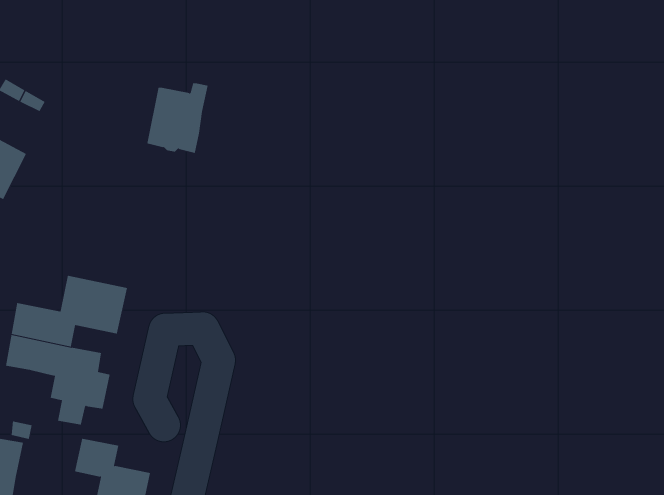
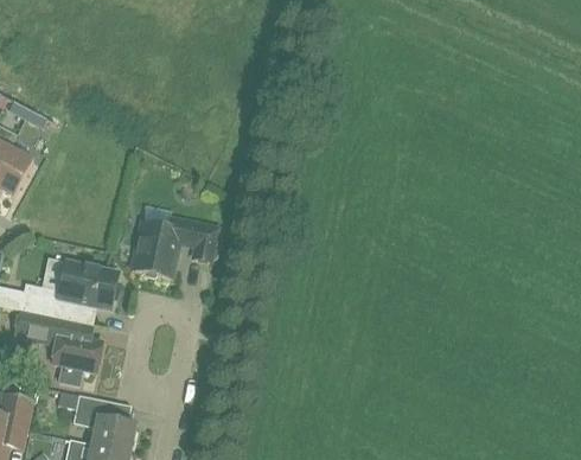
building: [146,83,209,153] -> [132,218,183,276]
building: none -> [192,223,217,262]

